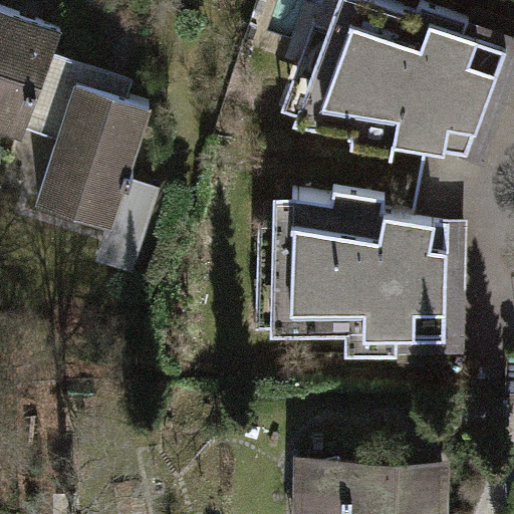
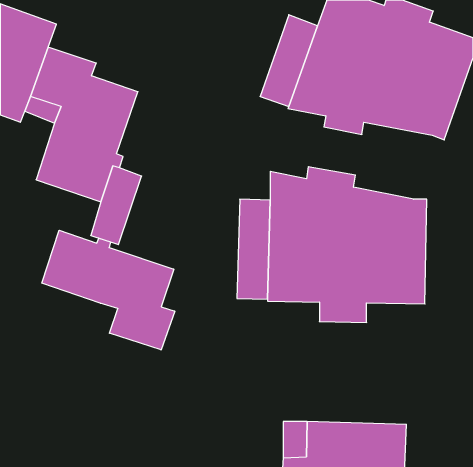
building: none -> [42,230,175,350]

